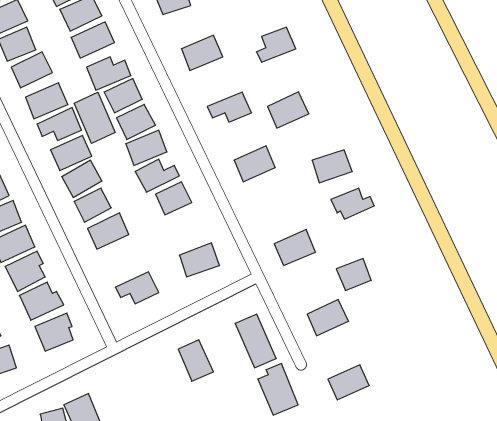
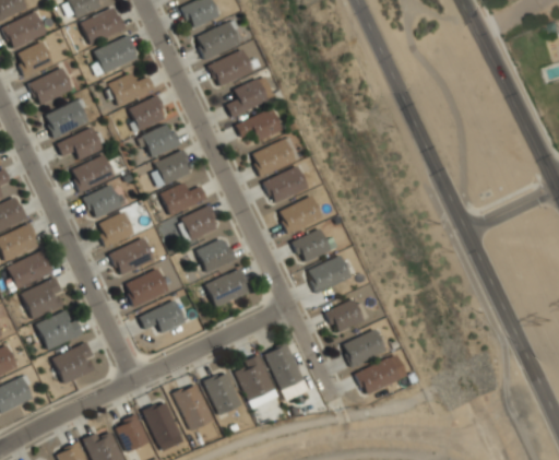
building: none -> [195,19,245,59]
building: [256,27,296,62] -> [226,79,267,116]
building: [268,92,309,128] -> [252,139,296,177]
building: [74,92,115,143] -> none
building: [312,150,352,183] -> [280,198,322,233]
building: [331,188,374,219] -> [292,229,337,262]
building: none -> [197,237,235,271]
building: none -> [124,269,167,305]
building: [336,259,371,291] -> [326,299,364,333]
building: none -> [175,384,214,432]
building: [258,364,298,415] -> [236,354,278,409]
building: [328,365,369,400] -> [355,357,399,394]
building: none -> [143,401,181,445]
building: none -> [115,415,150,452]

